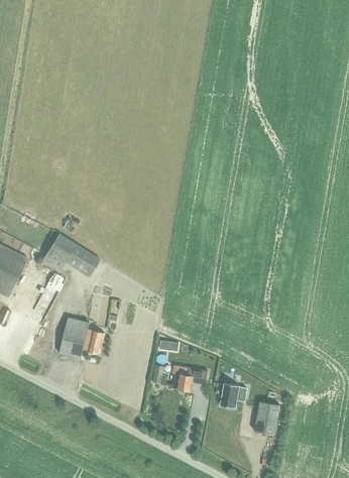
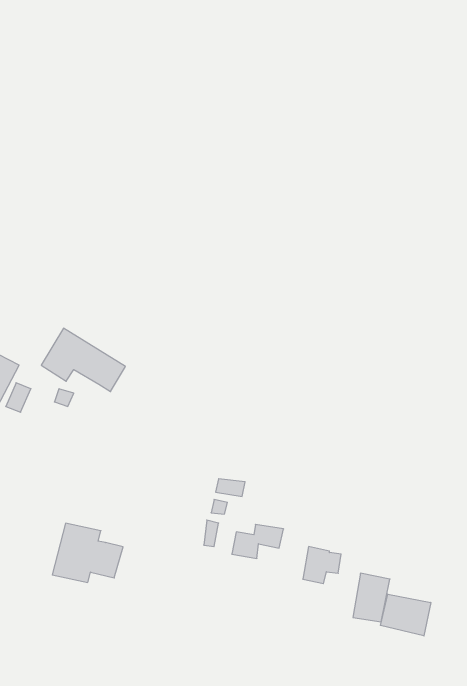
building: [55,317,104,357] -> [52,523,123,582]
building: none -> [380,594,431,636]

